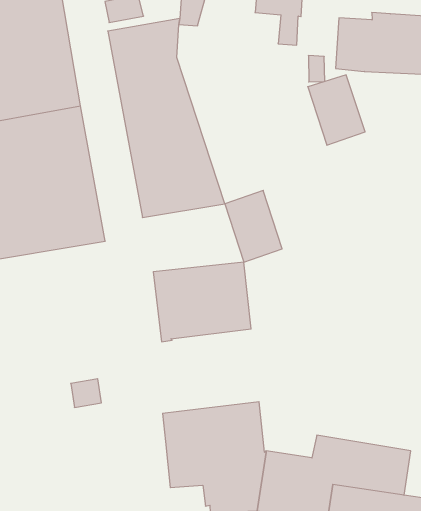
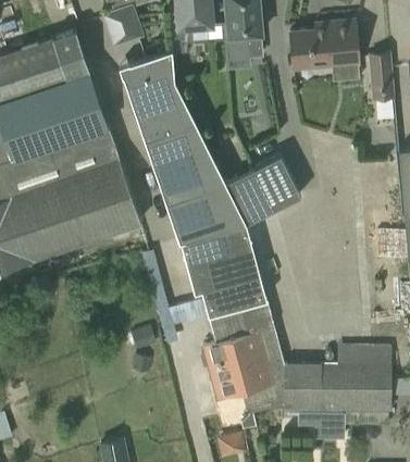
building: [308,75,365,145] -> [252,157,300,211]
building: none -> [165,184,246,244]
building: none -> [200,274,273,344]

